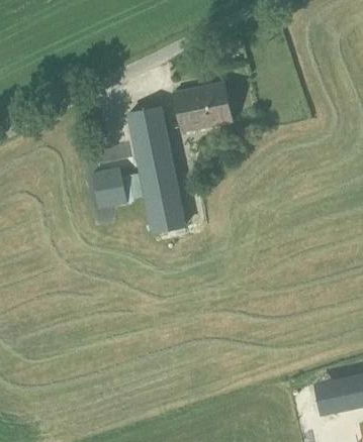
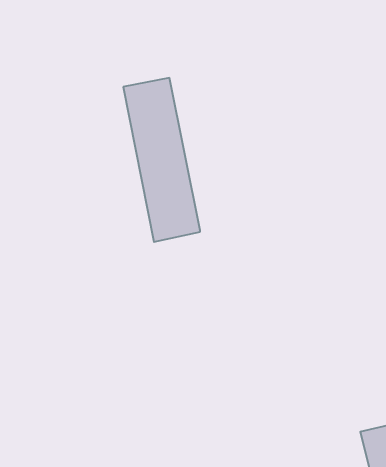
building: [173,83,231,131] -> none
building: [91,167,127,209] -> none

